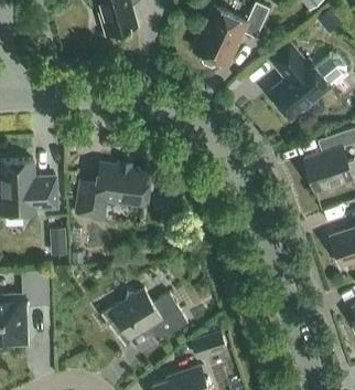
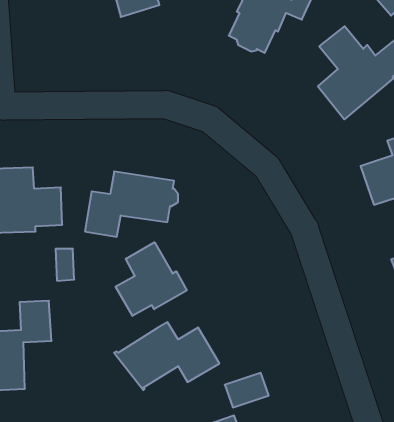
building: none -> [116,242,187,316]

